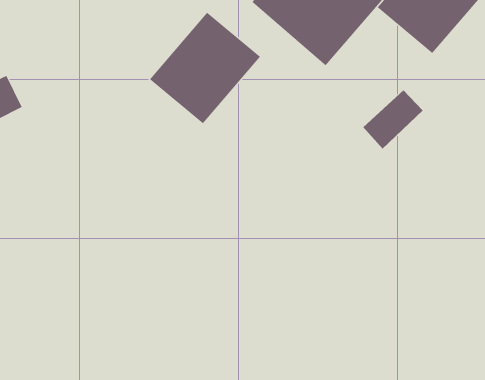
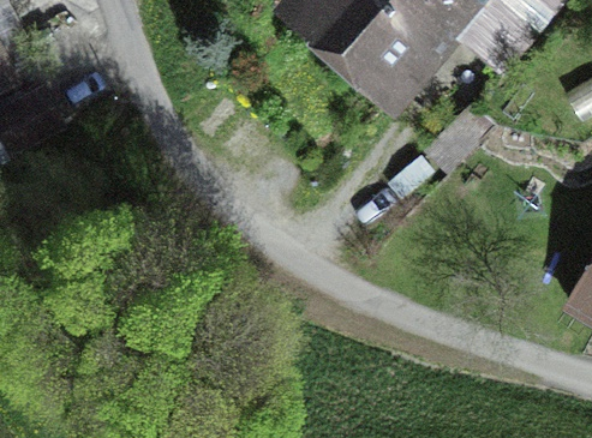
building: [149,12,261,124] -> none

